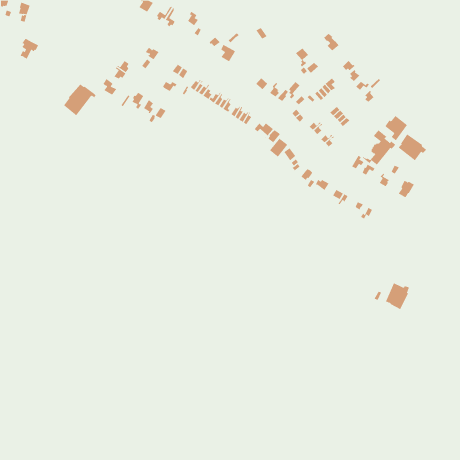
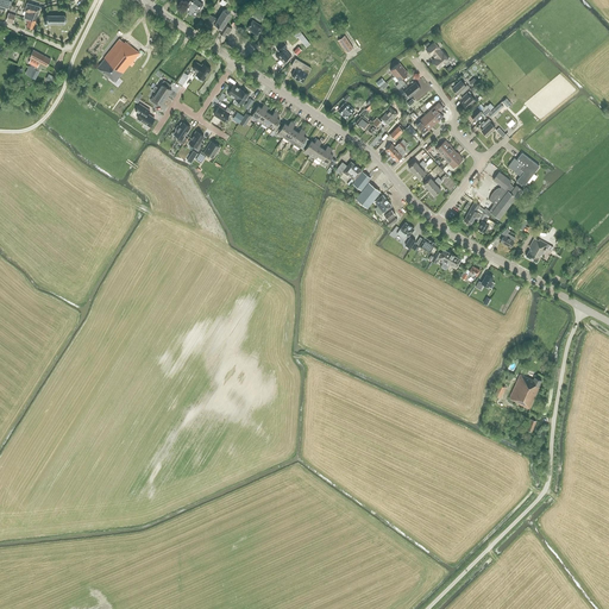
building: [63,84,96,116] -> [98,39,142,82]
building: [398,134,427,161] -> none

